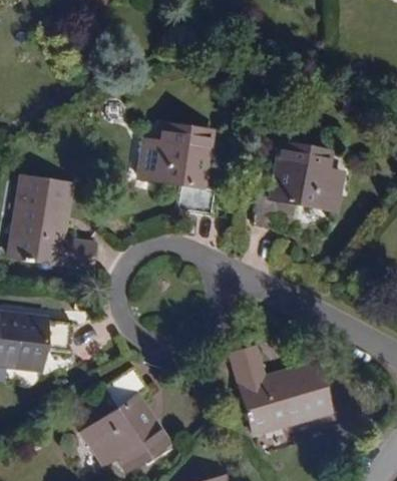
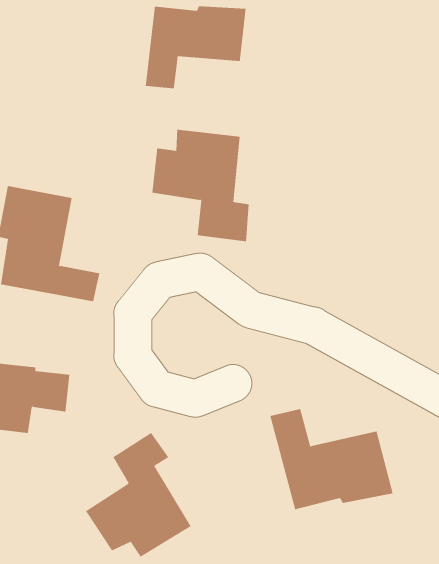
building: none -> [145,6,246,89]
building: [252,141,341,228] -> none

